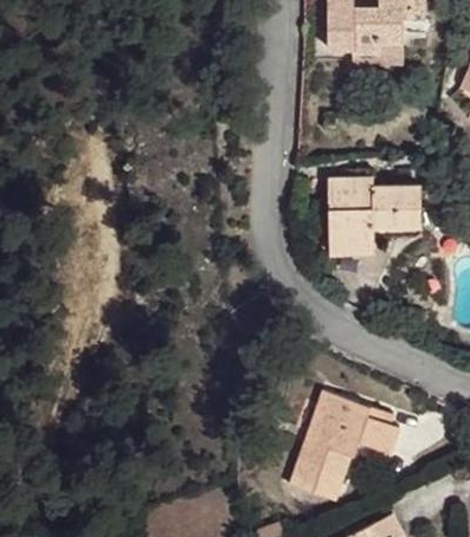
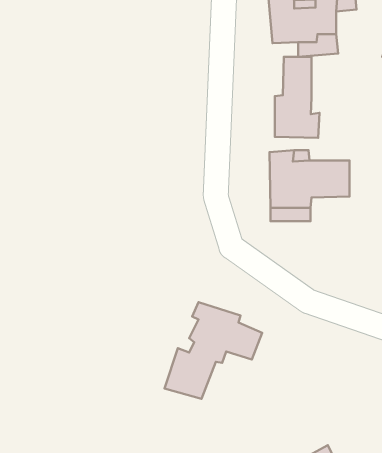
building: none -> [275,57,320,138]
building: [292,379,405,490] -> [165,302,262,399]

